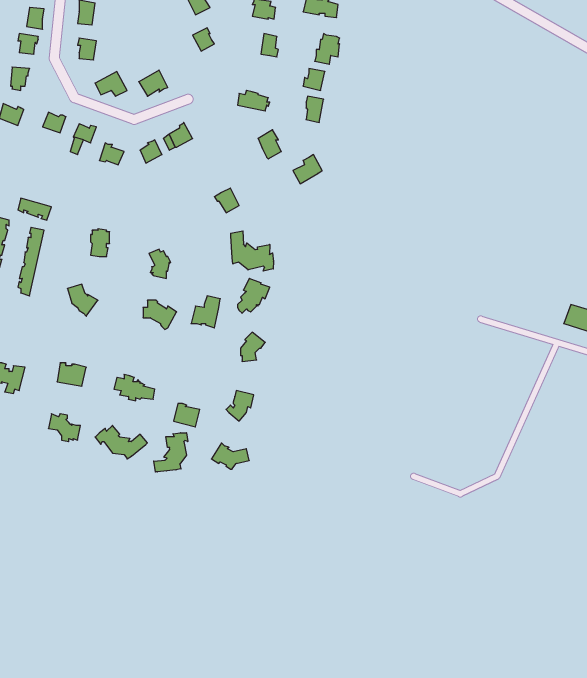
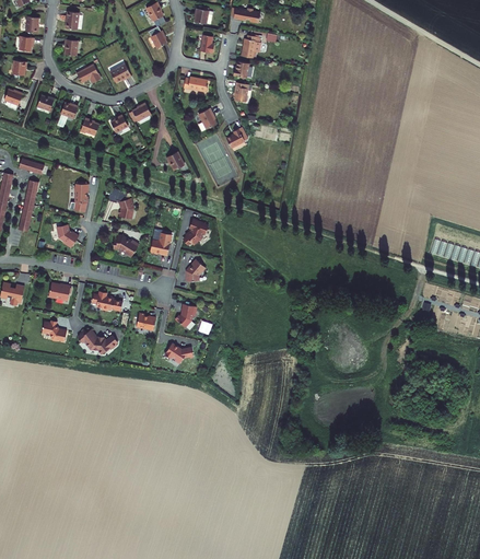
building: [231,231,273,271] -> none
building: [154,433,188,472] -> none

